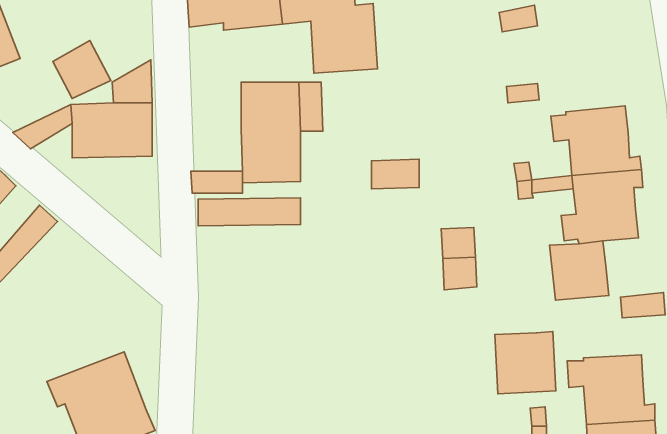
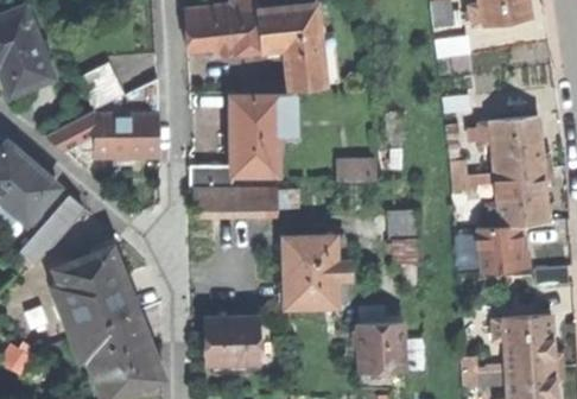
building: none -> [284,236,348,306]
building: none -> [55,247,135,336]
building: [495,331,556,394] -> [356,322,405,372]
building: none -> [209,316,259,362]

